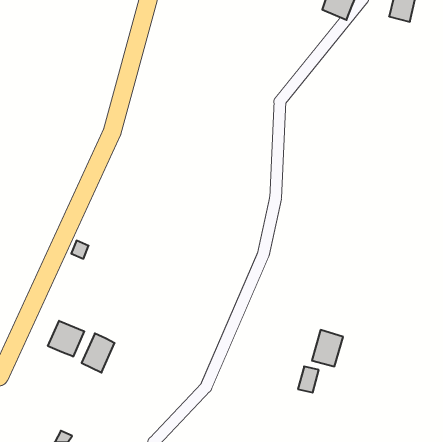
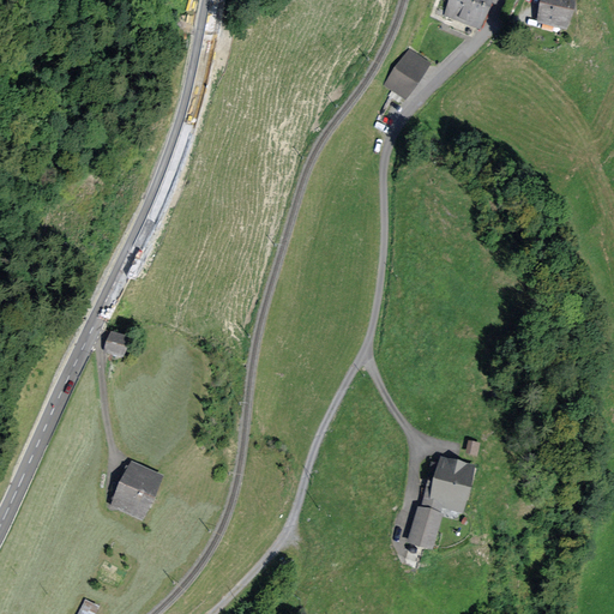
building: none -> [383,49,429,100]
building: [48,321,84,357] -> none

